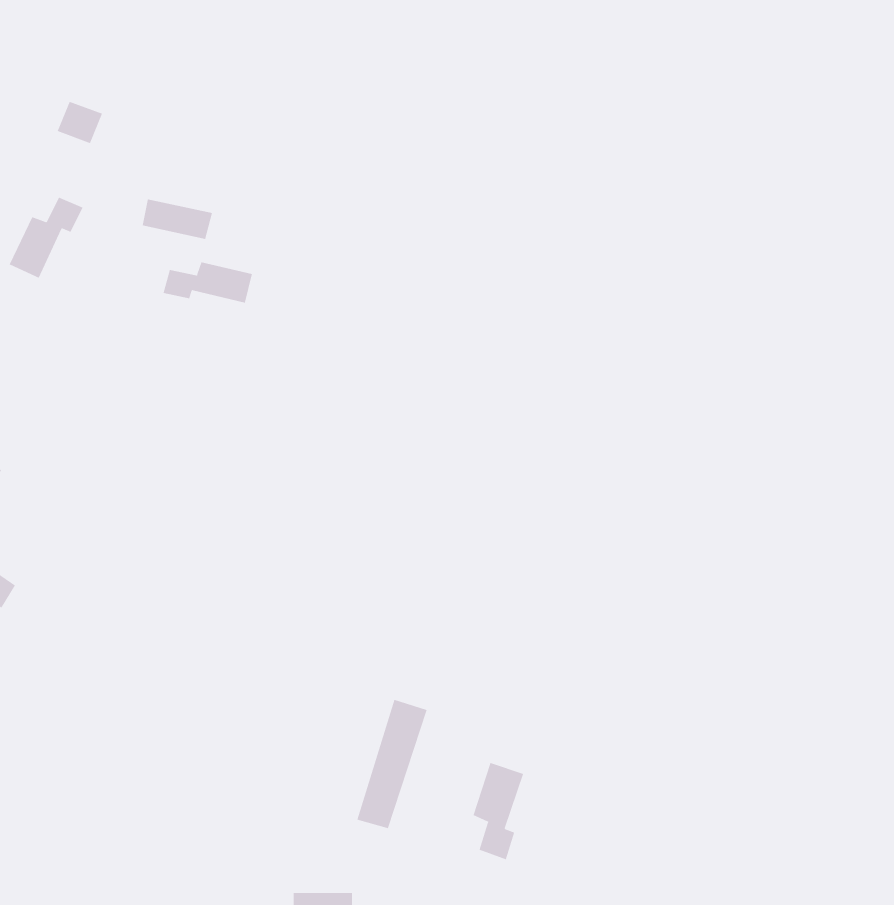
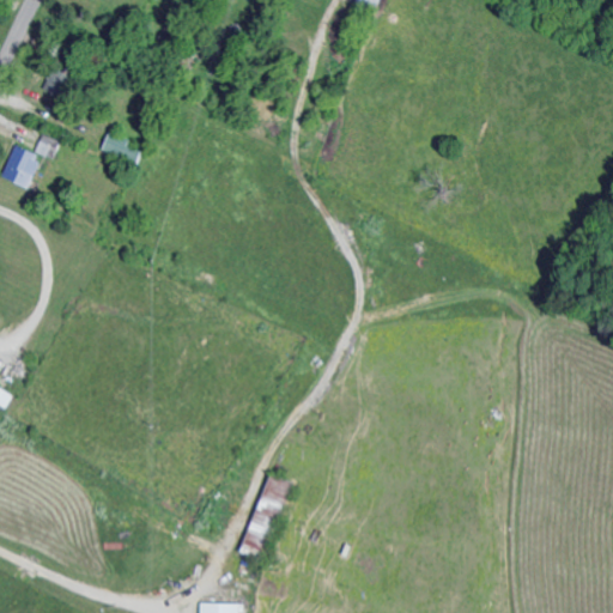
building: [163,261,252,304] -> none
building: [473,762,524,860] -> none

